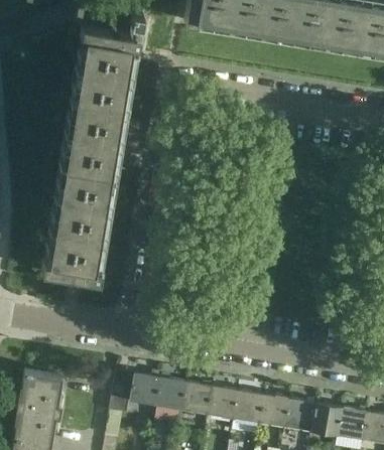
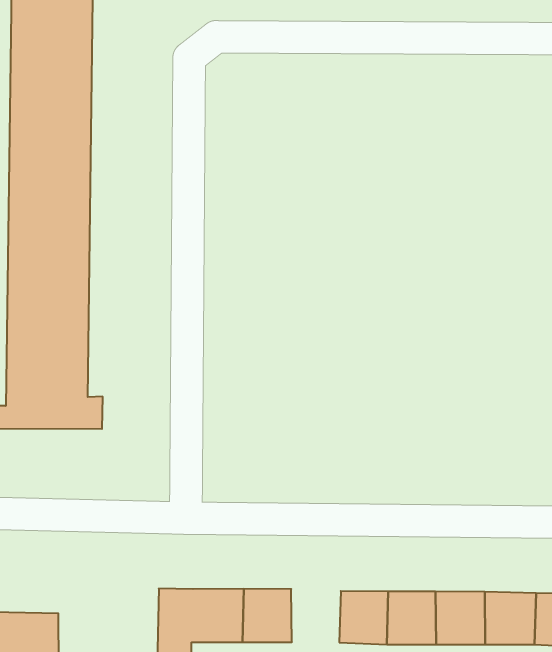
building: [183,382,214,414] -> none

